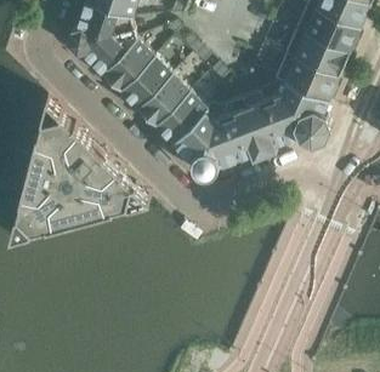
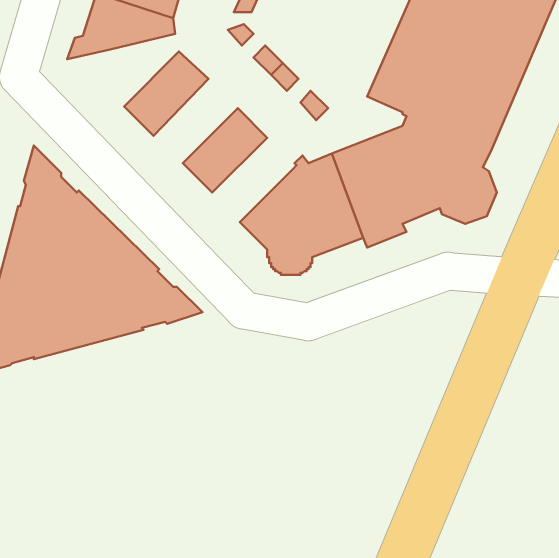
building: [67,29,136,74] -> none
building: [120,57,172,109] -> none
building: [157,93,209,145] -> none

